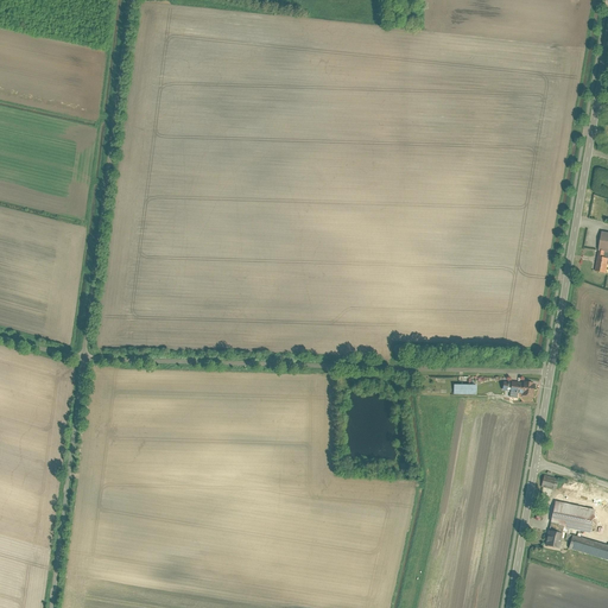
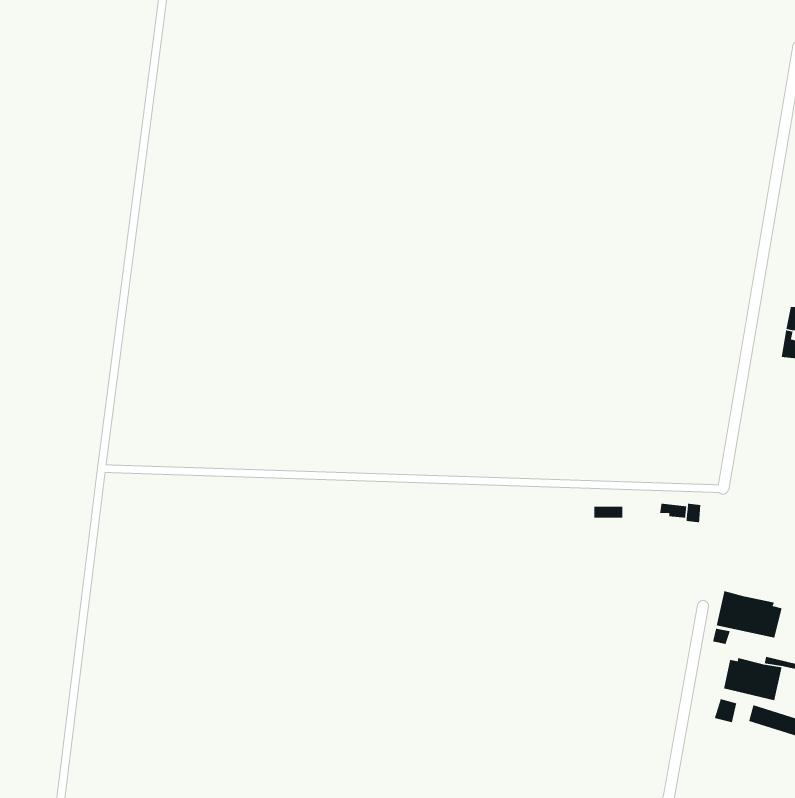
building: none -> [716,590,782,638]

